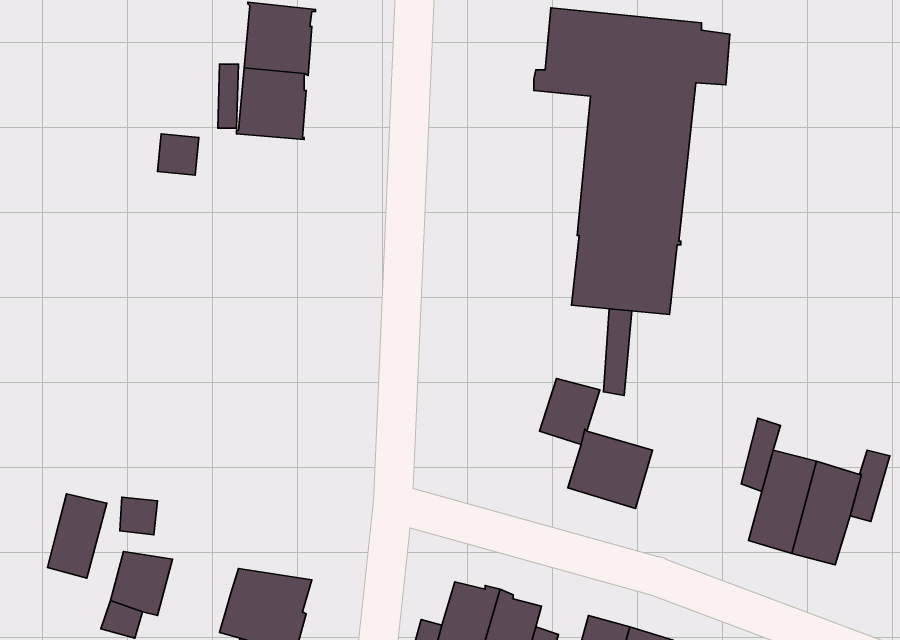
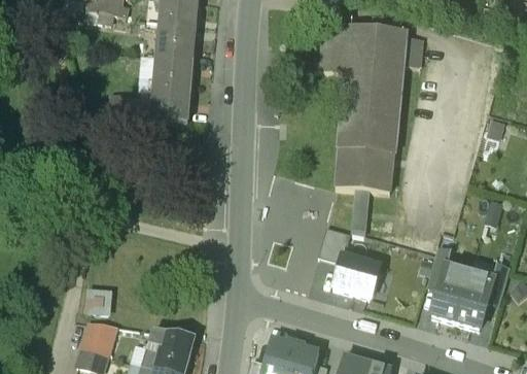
building: none -> [148,93,188,121]
building: [47,494,107,578] -> none

